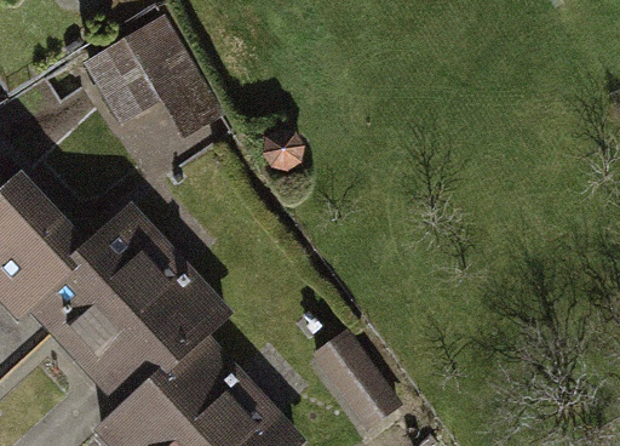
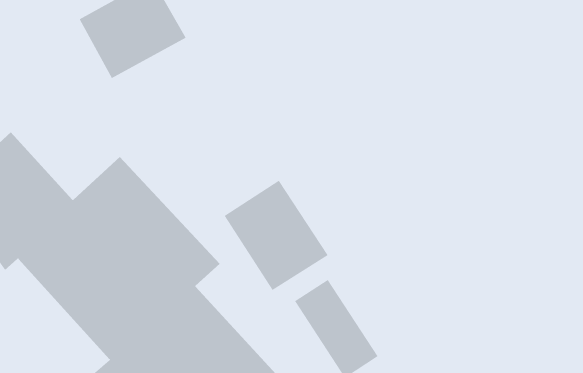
building: none -> [224,180,328,291]

